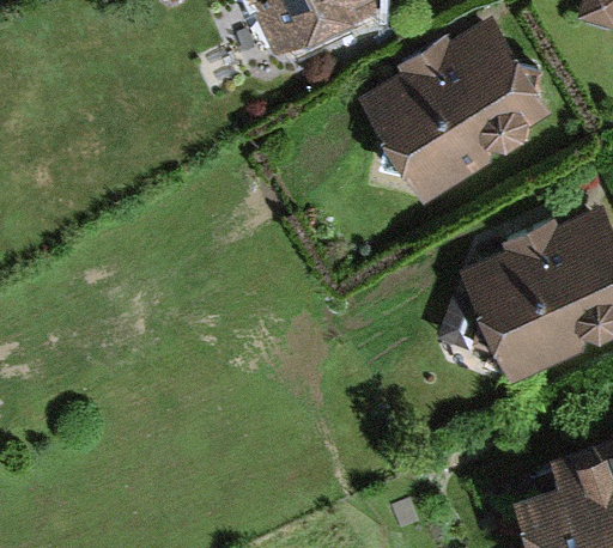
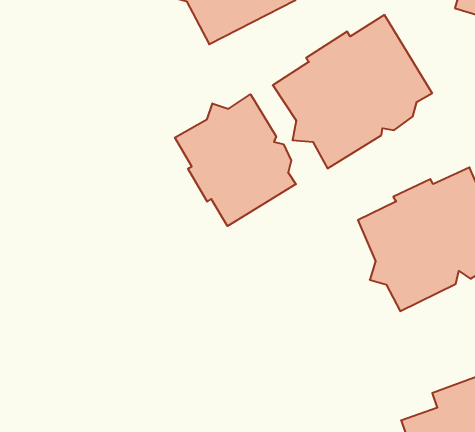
building: none -> [175,94,296,226]

